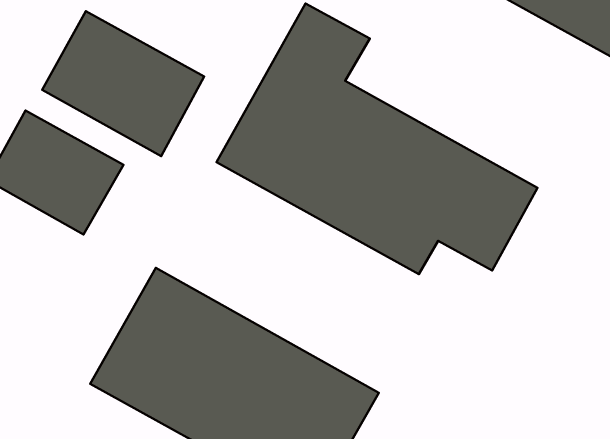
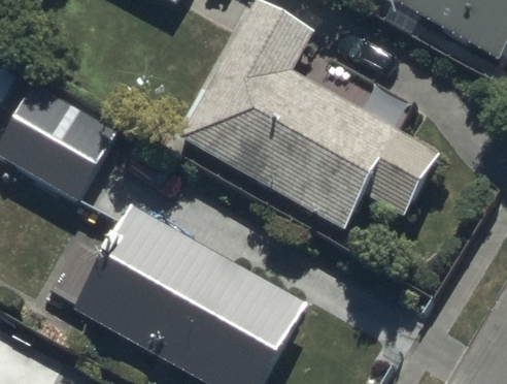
building: [42,11,204,156] -> none

